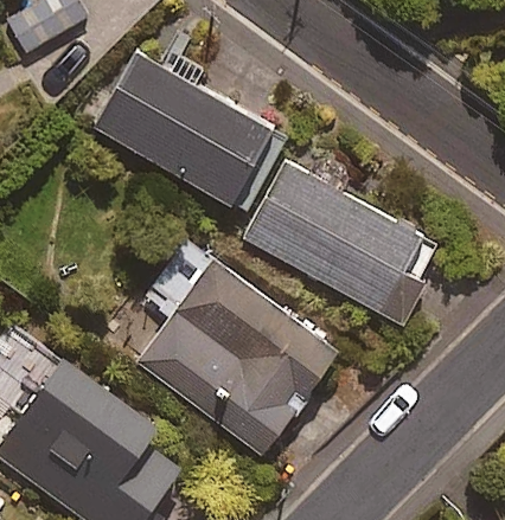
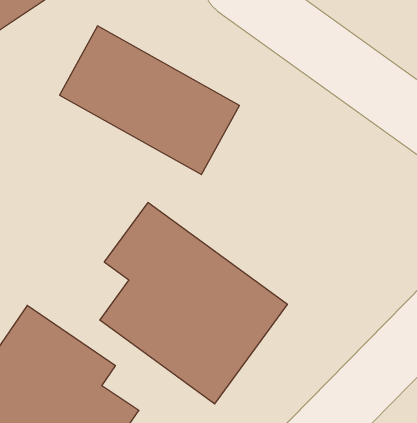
building: [242,162,437,320] -> none

